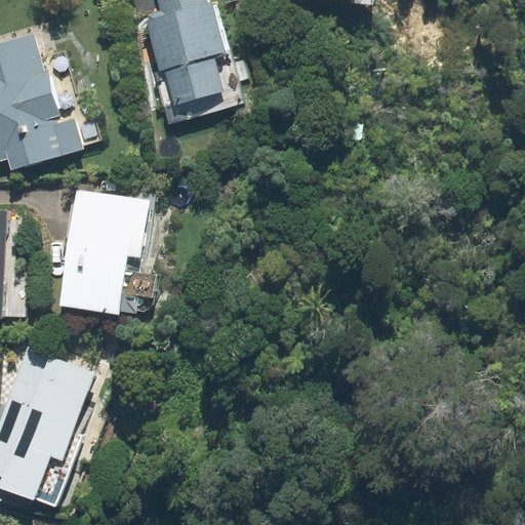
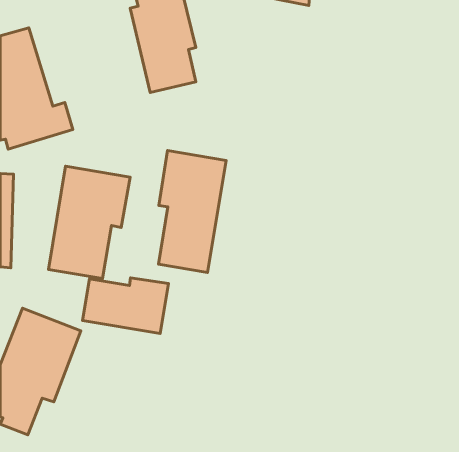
building: none -> [158,151,226,272]
building: none -> [83,278,169,334]

